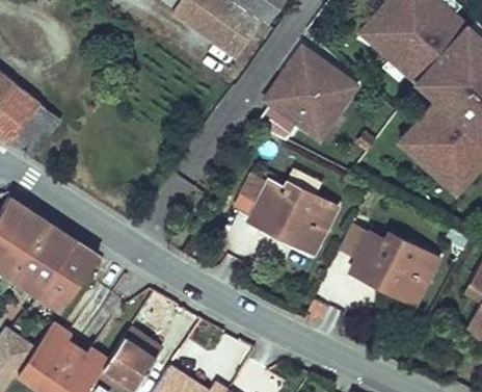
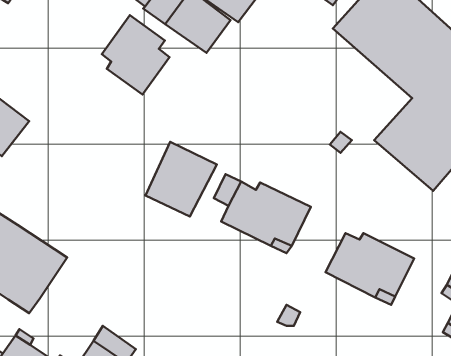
building: none -> [102,15,170,95]
building: [258,46,358,139] -> none
building: none -> [145,142,217,217]

